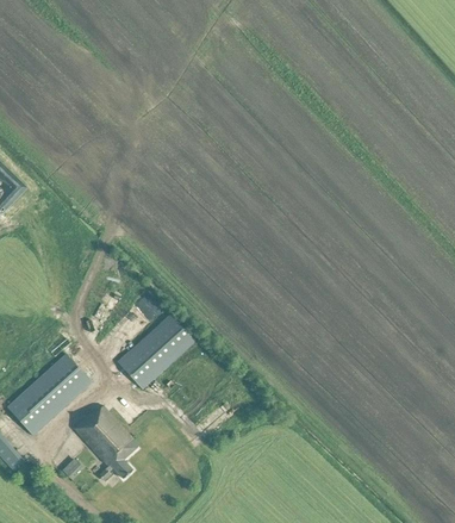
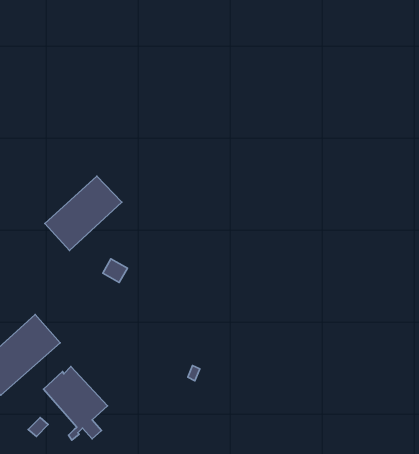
building: [117,315,194,390] -> [45,176,122,251]

